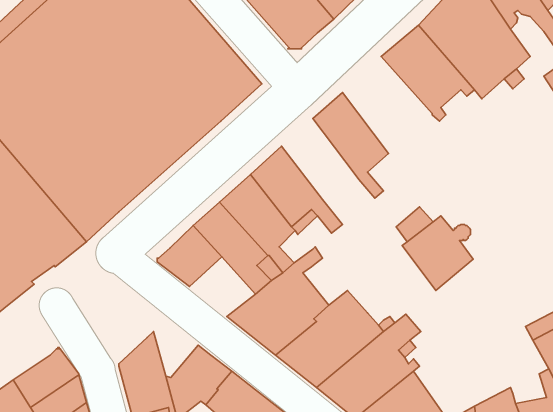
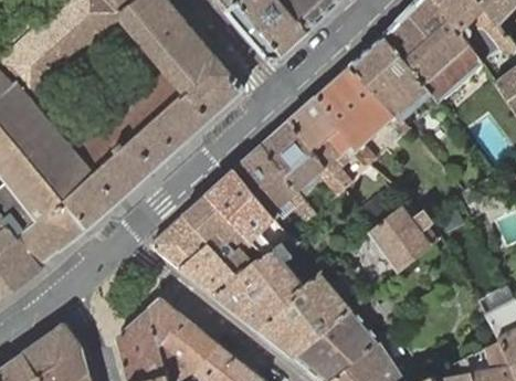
building: none -> [315,64,407,166]
building: none -> [261,119,344,197]
building: none -> [179,242,238,295]
building: none -> [147,298,187,349]

